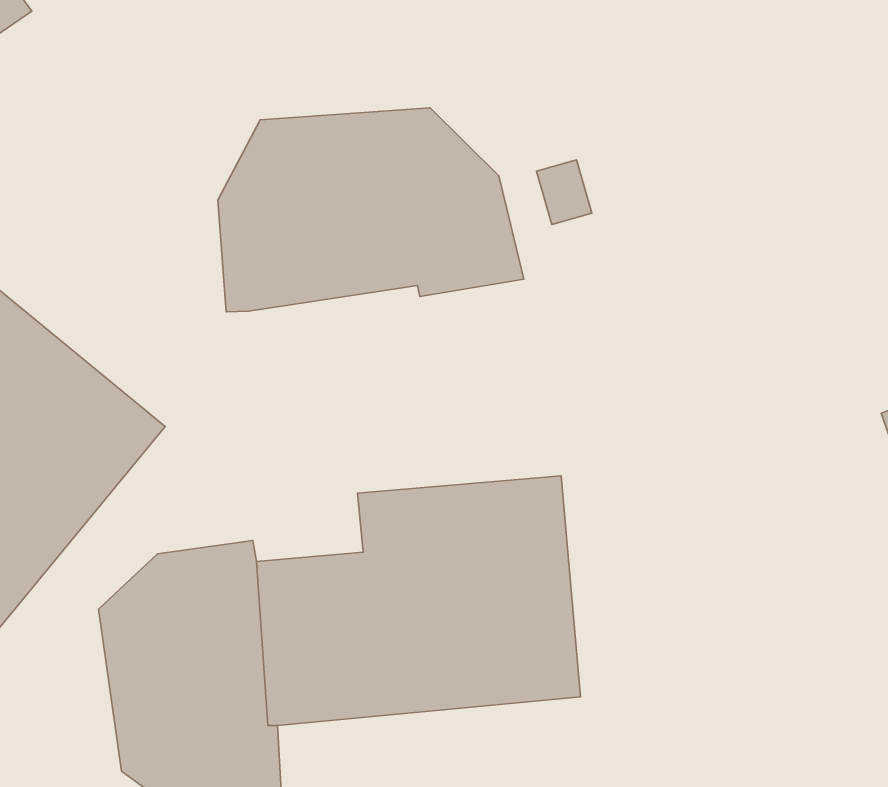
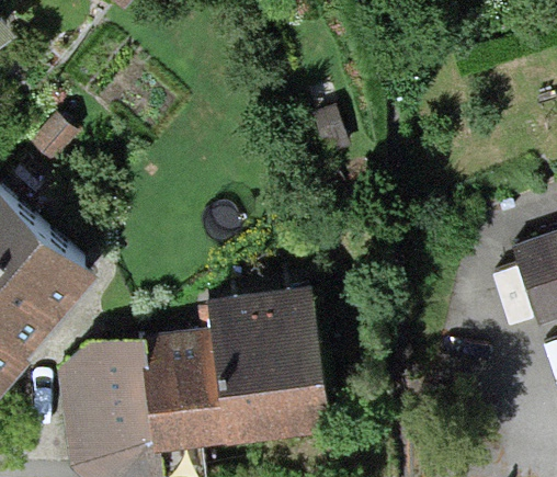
building: [218,108,524,312] -> none

